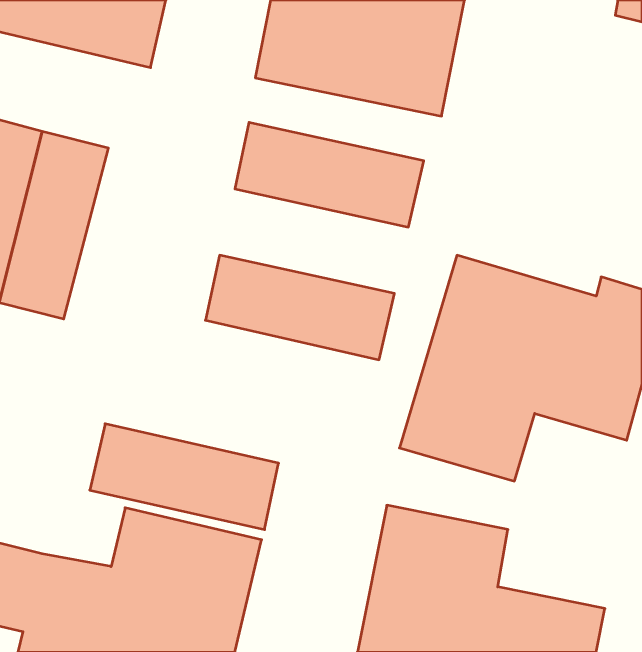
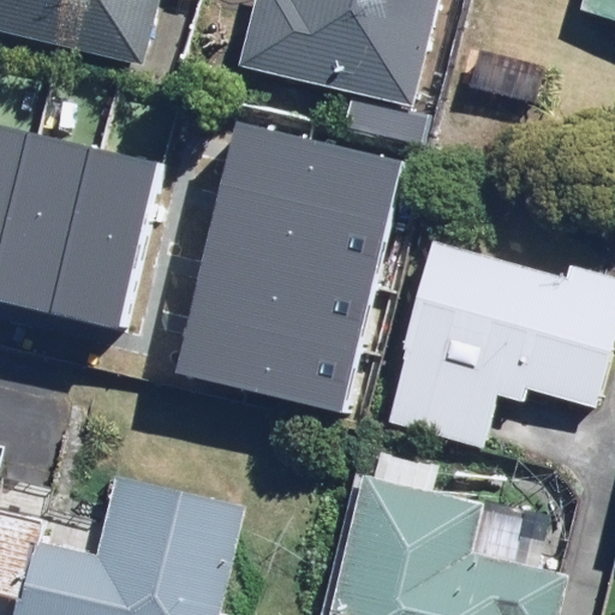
building: none -> [60,139,165,317]
building: none -> [207,178,384,276]
building: [90,424,279,530] -> [179,301,357,401]

